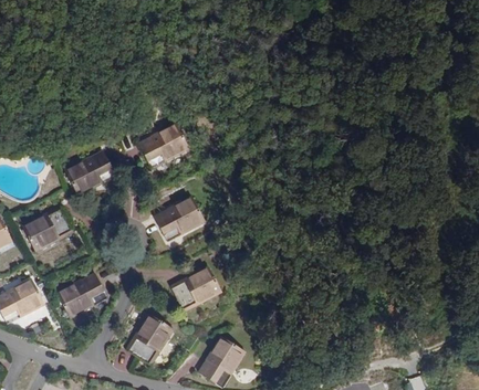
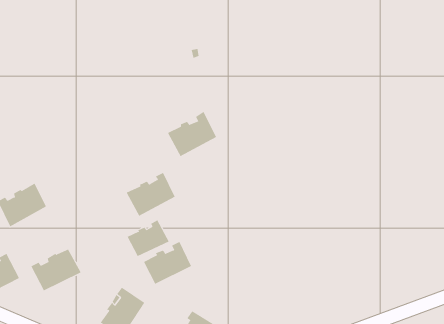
building: [137,122,188,168] -> [167,111,217,157]
building: [63,150,115,194] -> none
building: none -> [127,220,169,257]

